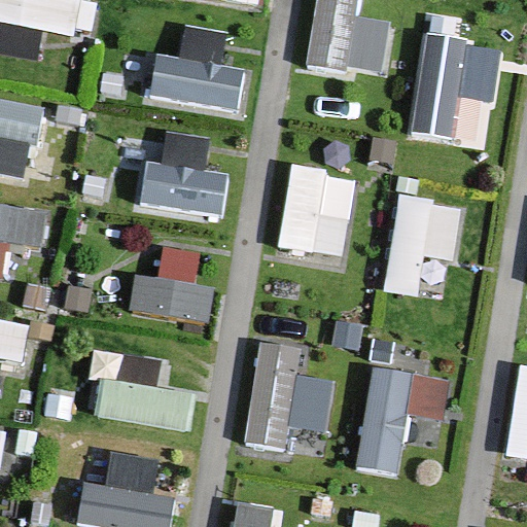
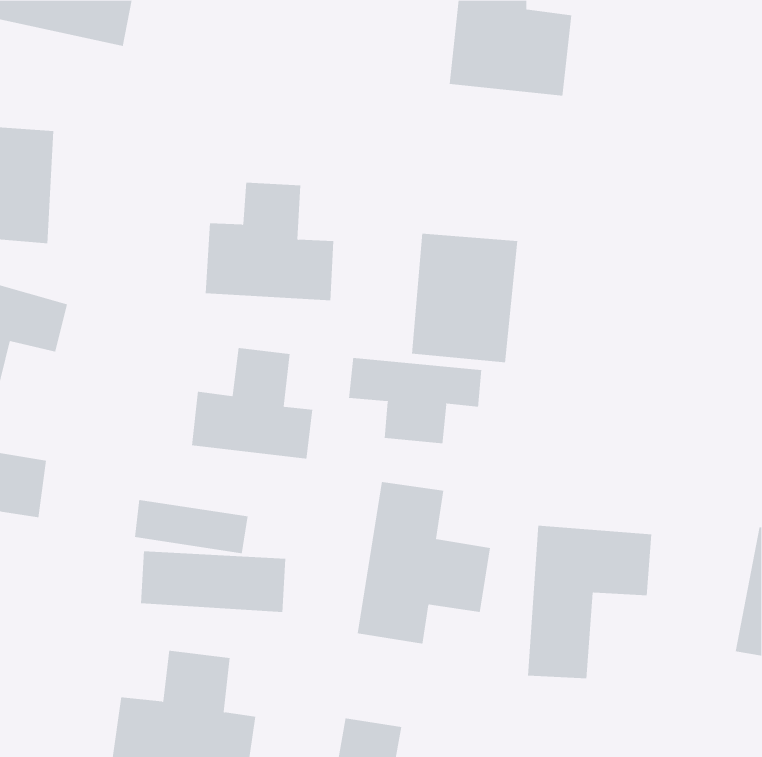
building: [146,26,247,112] -> none
building: [403,33,503,147] -> none
building: [388,196,459,294] -> none
building: none -> [349,357,482,444]

